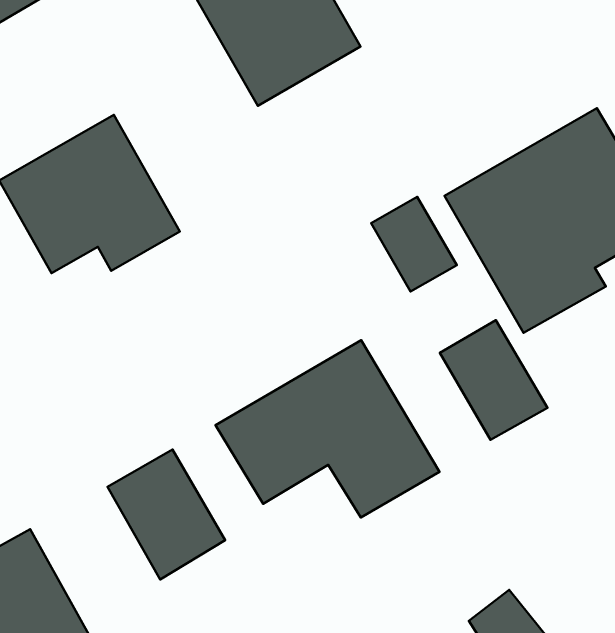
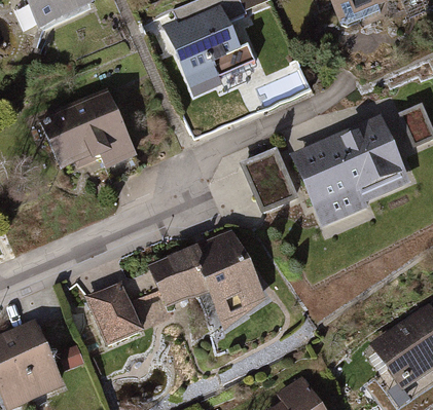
building: [440,320,548,440] -> none

